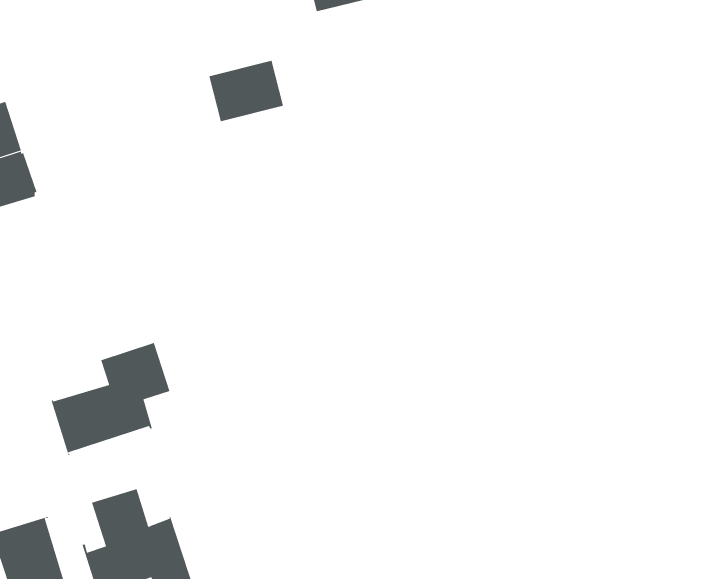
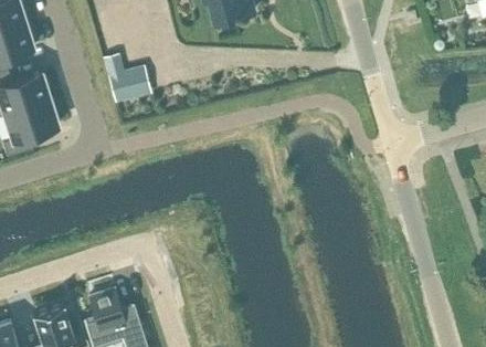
building: [208,60,284,122] -> [109,67,151,102]
building: [51,342,170,456] -> none

